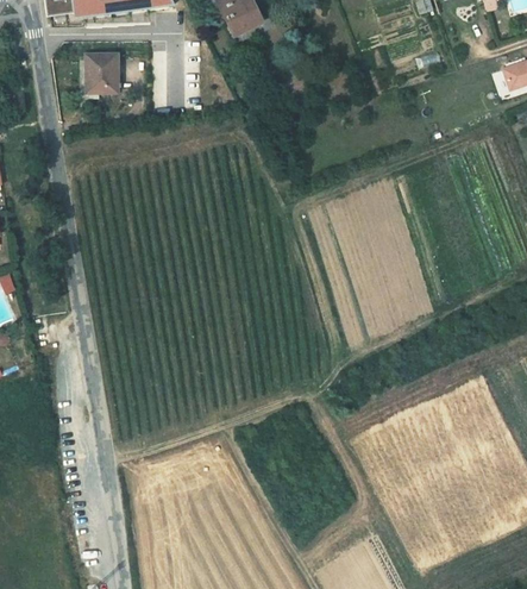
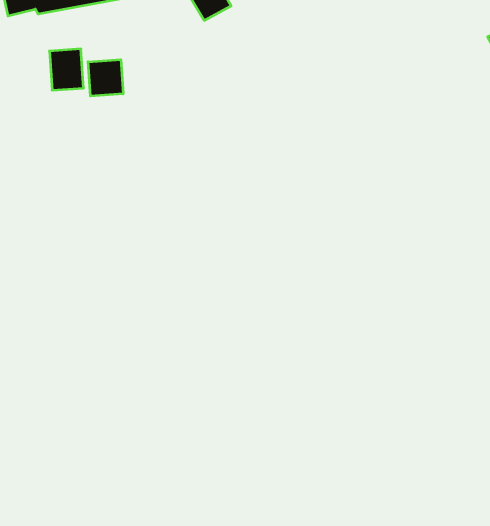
building: none -> [88,60,123,96]

